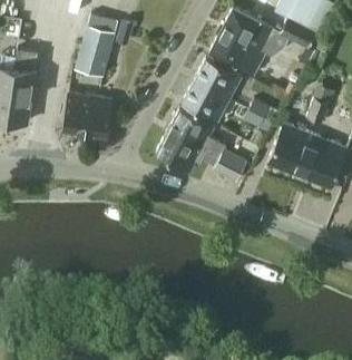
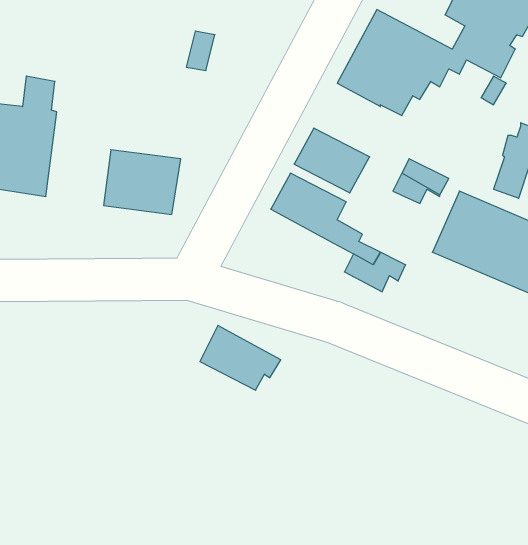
building: [75,14,117,77] -> none
building: [195,57,242,98] -> none
building: [157,130,207,171] -> [200,326,281,390]

